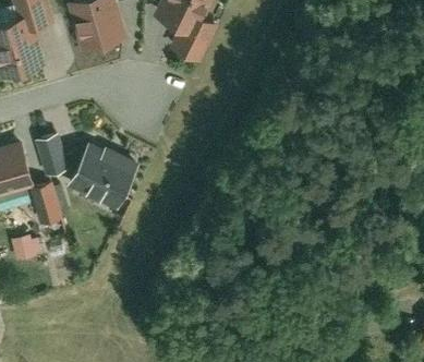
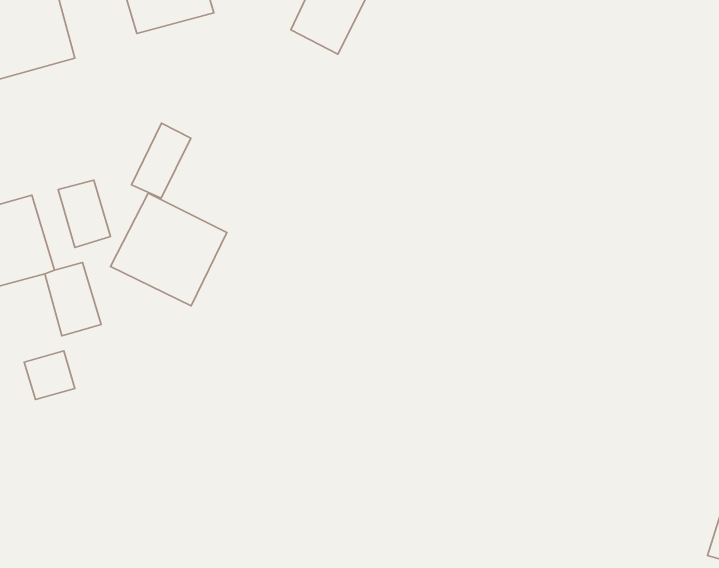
building: none -> [131,123,191,198]

